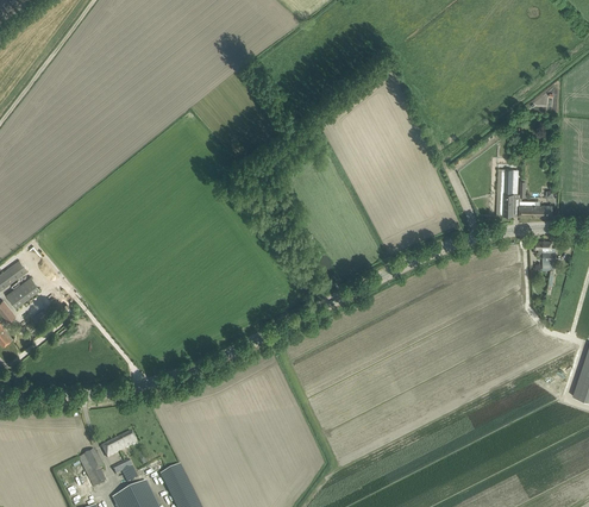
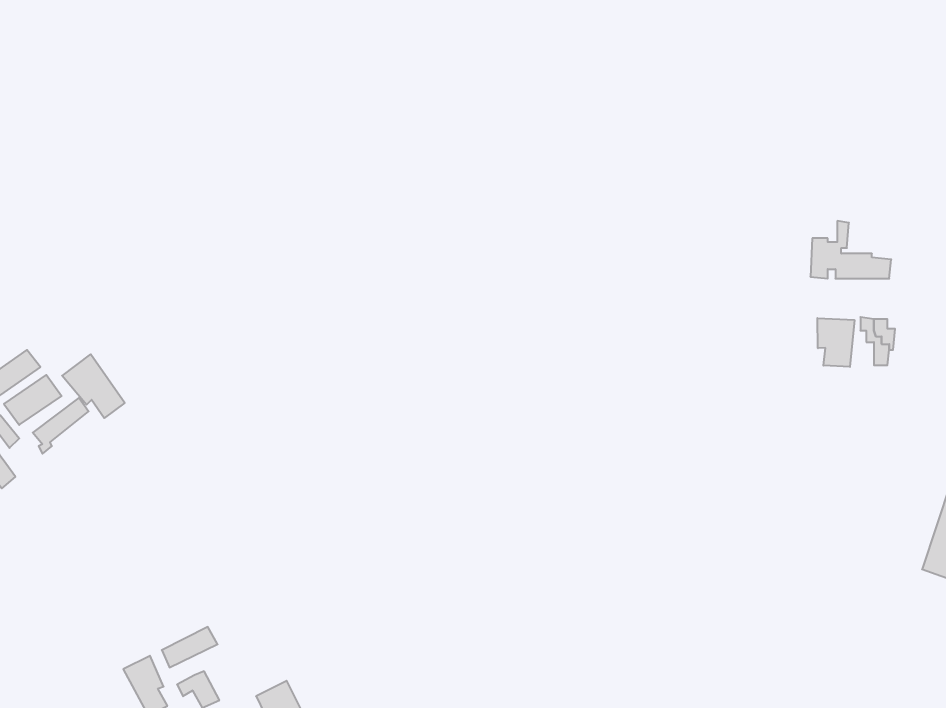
building: none -> [817,318,854,367]
building: none -> [62,354,125,418]

